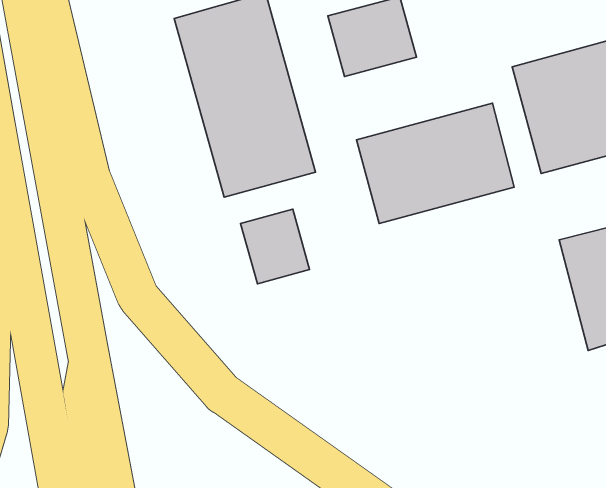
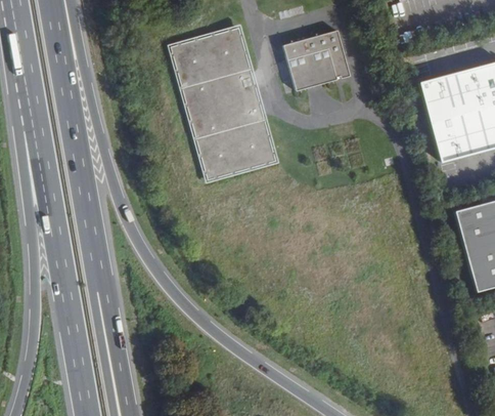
building: [356,103,514,223] -> none
building: [241,209,310,284] -> none

